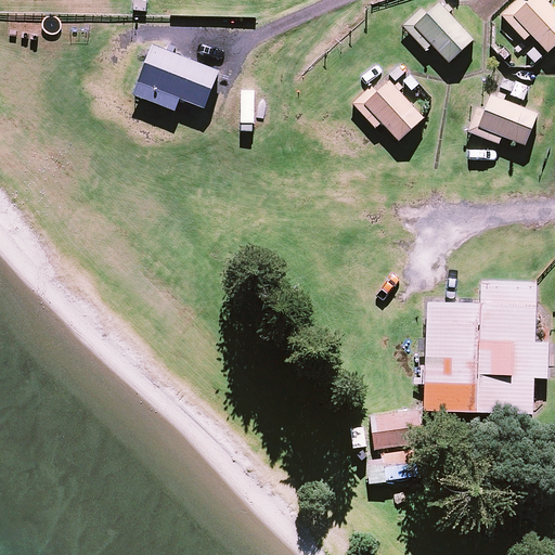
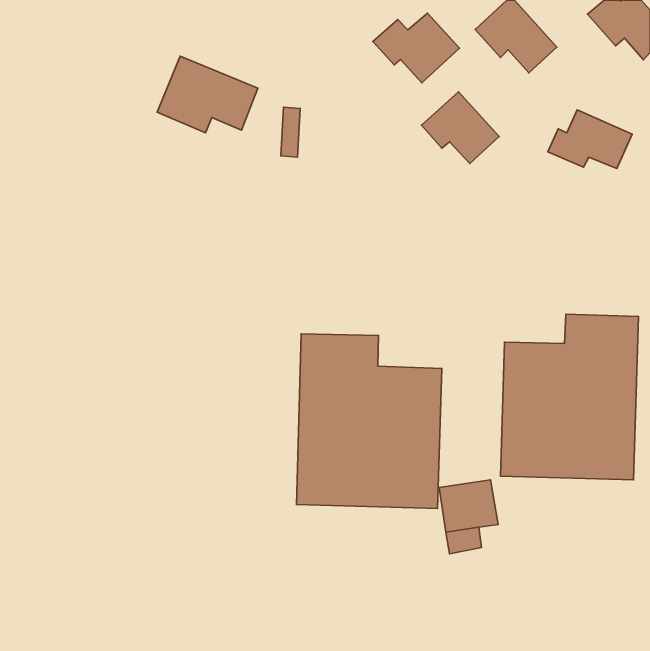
building: none -> [373,13,460,83]
building: none -> [296,334,442,509]

